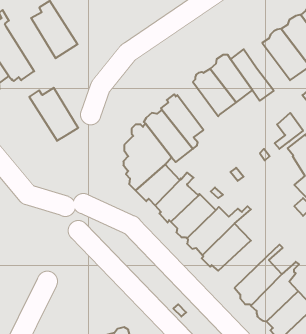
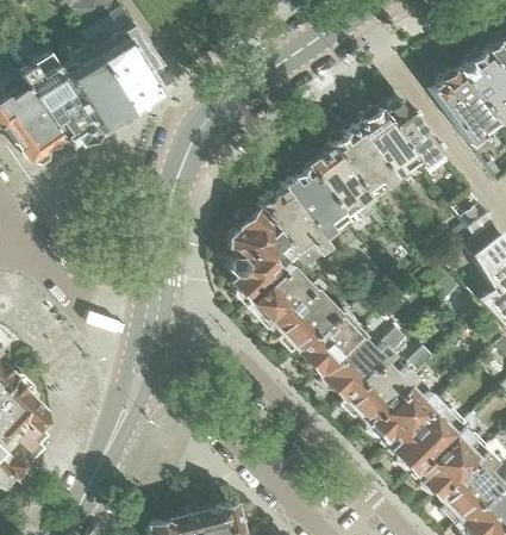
building: none -> [308,148,392,226]
building: [29,88,78,141] -> [61,55,132,132]
building: none -> [369,379,439,448]

